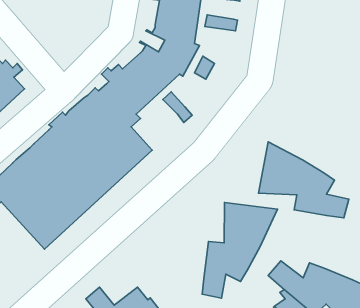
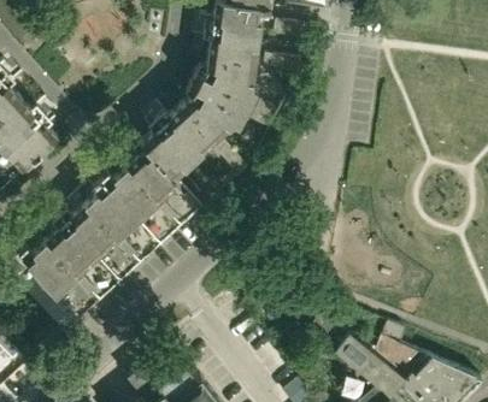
building: [258,142,349,218] -> none
building: [202,203,277,298] -> none

